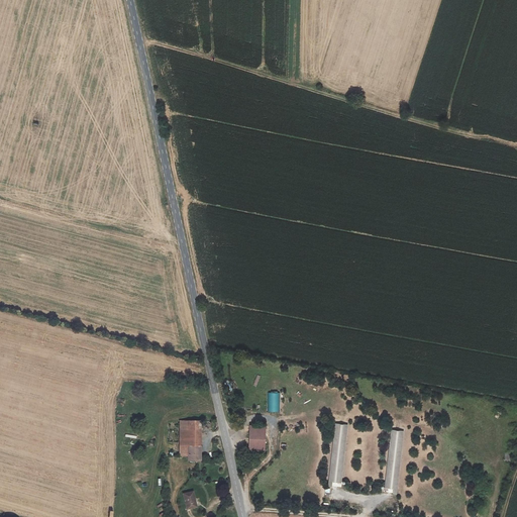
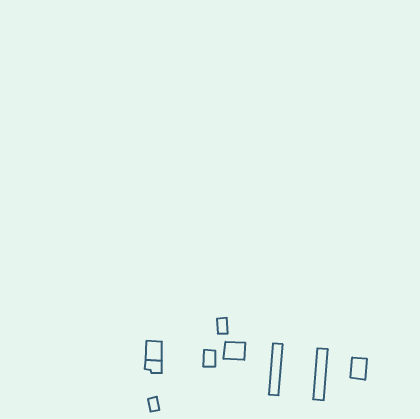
building: none -> [224,342,245,360]
building: none -> [351,357,367,380]

